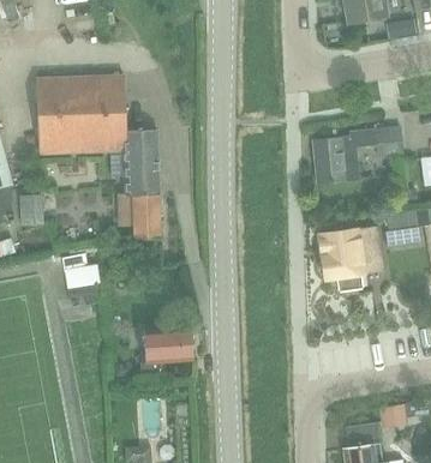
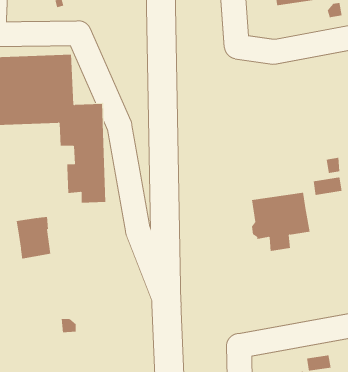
building: [315,127,402,182] -> none
building: [144,327,194,362] -> none

